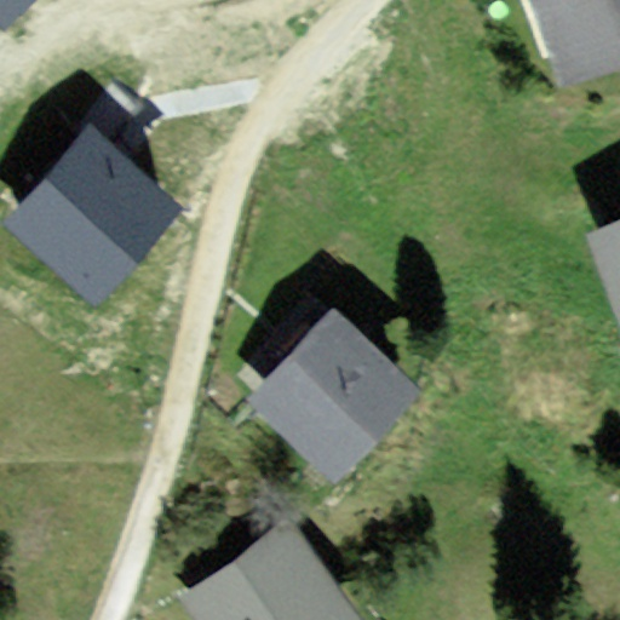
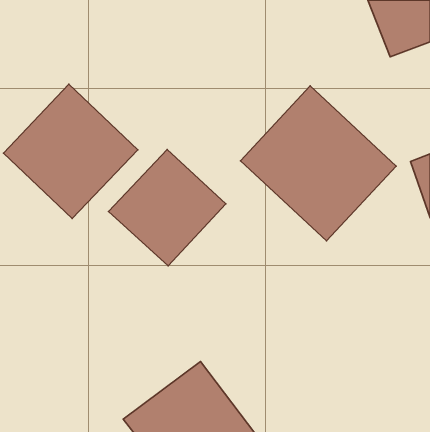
building: none -> [241,86,396,241]
building: [243,312,411,478] -> [109,149,226,266]

